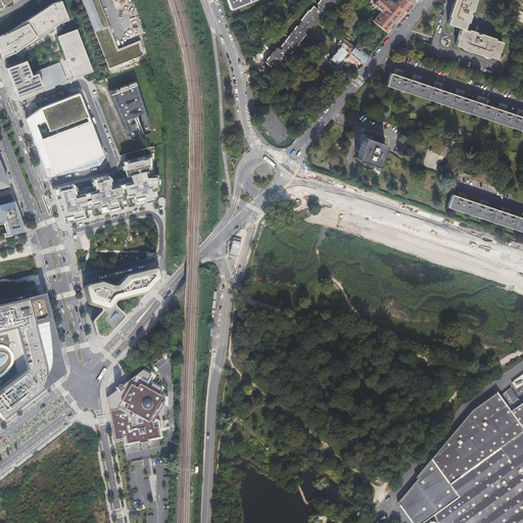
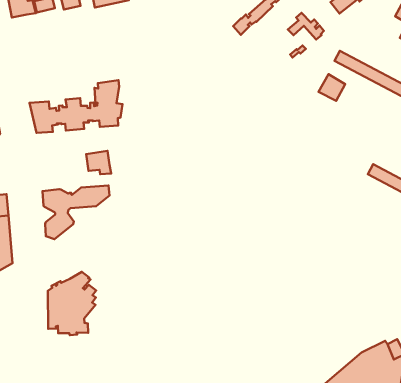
building: [111,81,152,139] -> none
building: [26,92,103,176] -> none
building: [355,135,384,163] -> [319,74,345,101]
building: none -> [86,151,111,174]

